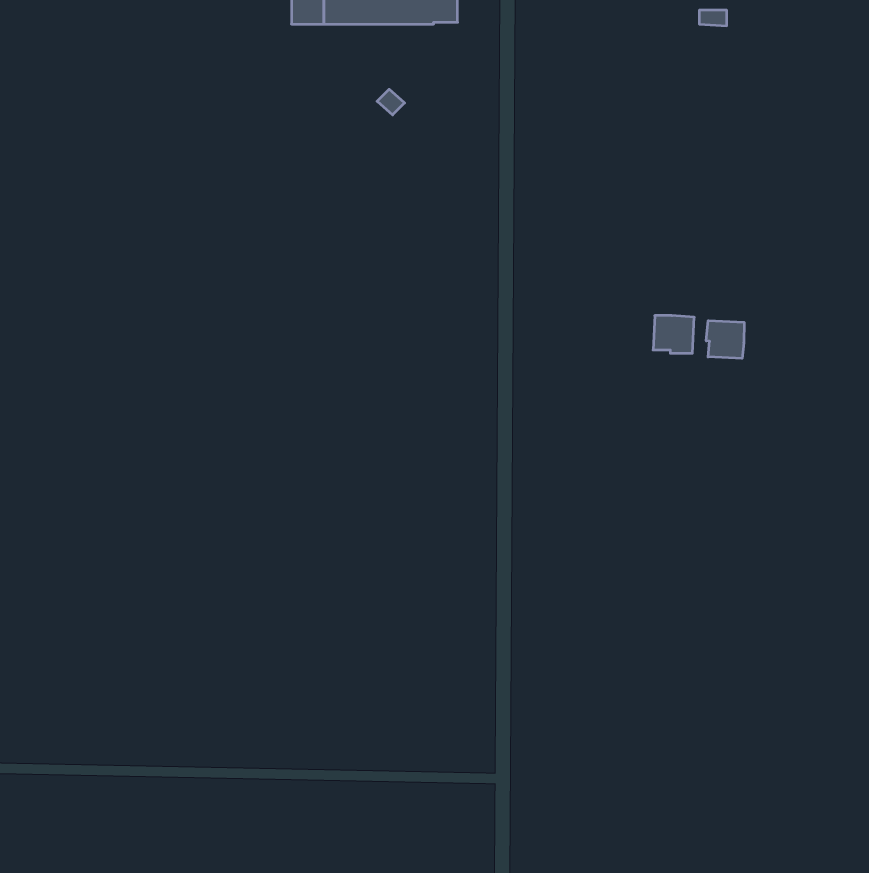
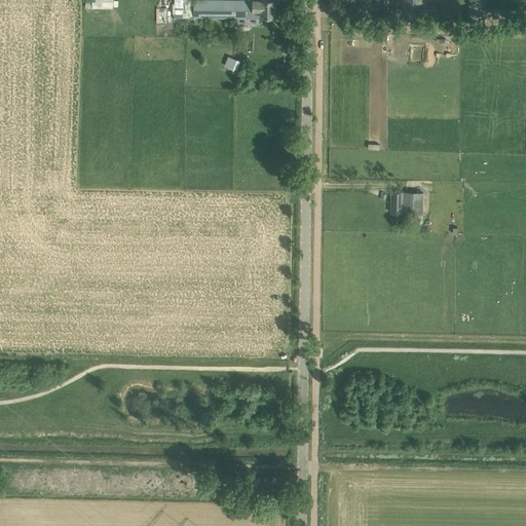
building: [706,321,744,358] -> none

